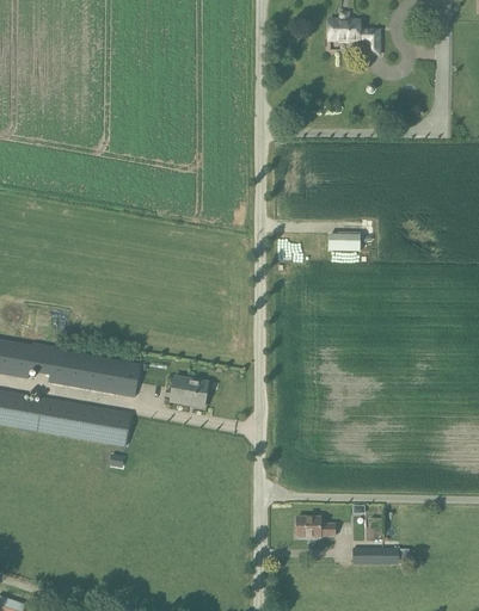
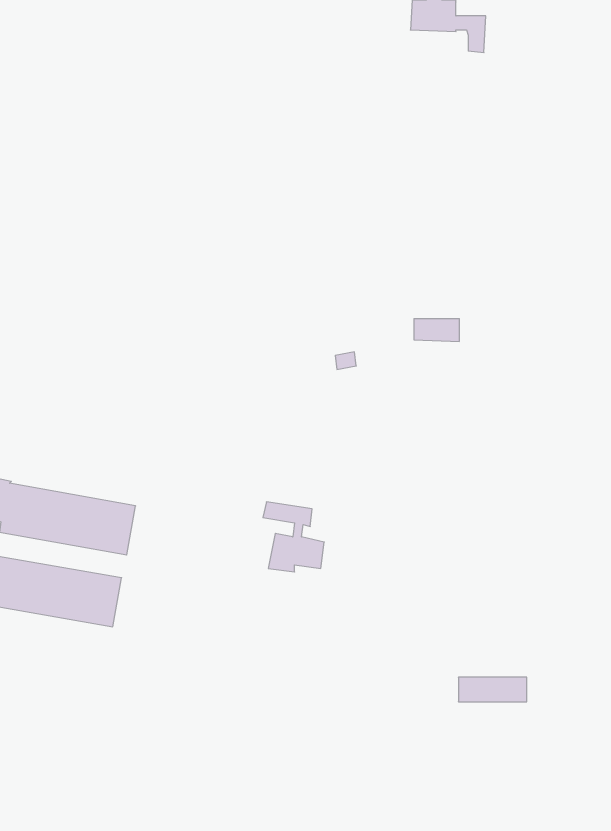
building: [166,356,208,403] -> [263,502,324,572]
building: [296,518,336,537] -> none
building: [354,549,400,566] -> [458,677,527,702]

